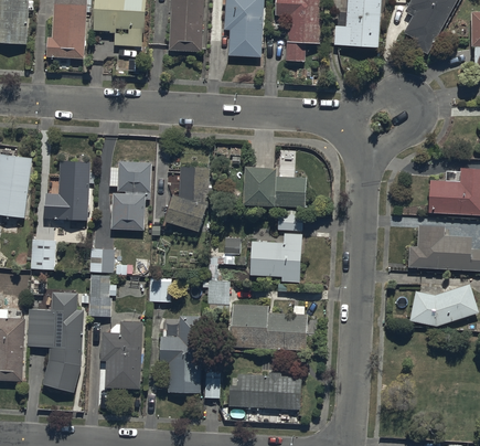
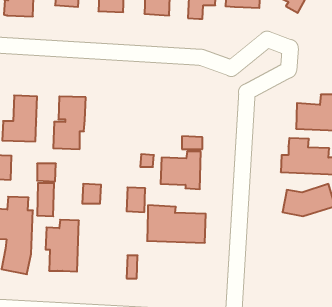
building: [164,169,209,234] -> none
building: [244,169,307,209] -> none
building: [161,316,203,394] -> none
building: [228,374,302,408] -> none

